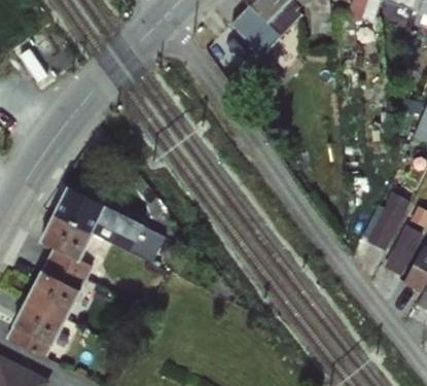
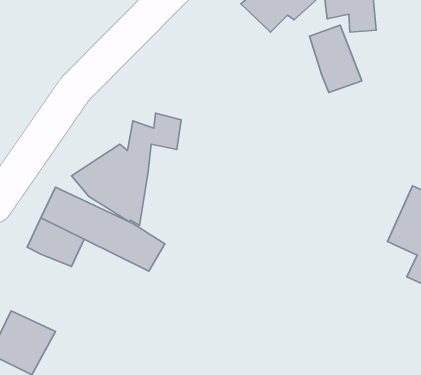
building: none -> [310,25,362,93]
building: none -> [72,113,181,226]
building: [27,248,94,318] -> none

